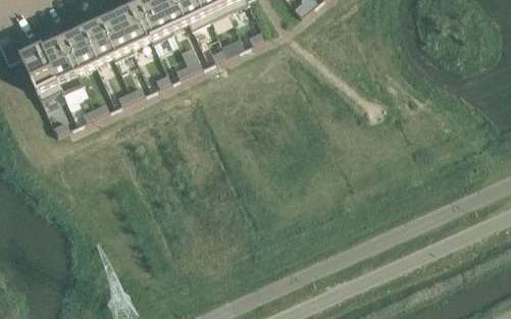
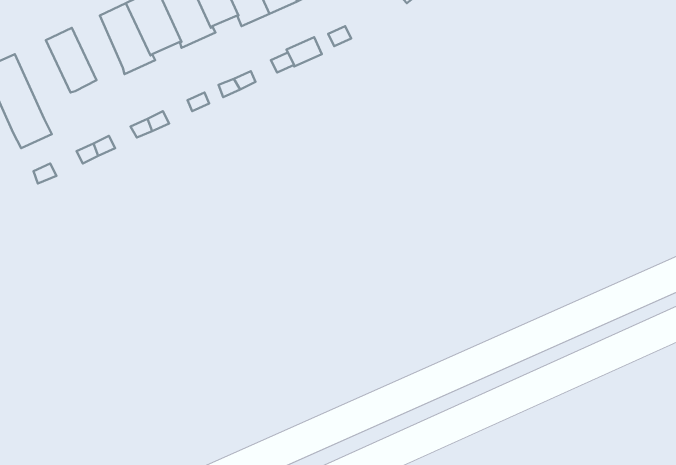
building: [78,20,111,63] -> none
building: [40,37,83,89] -> none

